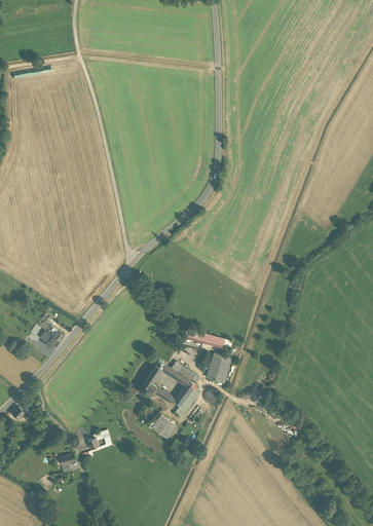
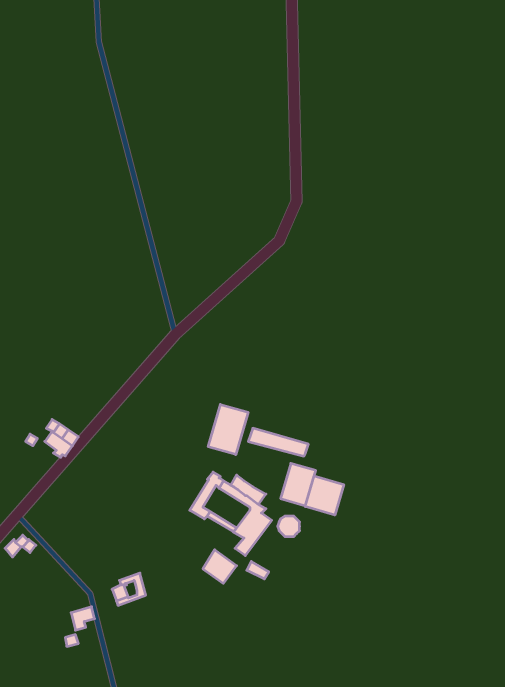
building: none -> [208,404,248,455]
building: none -> [305,476,344,515]

